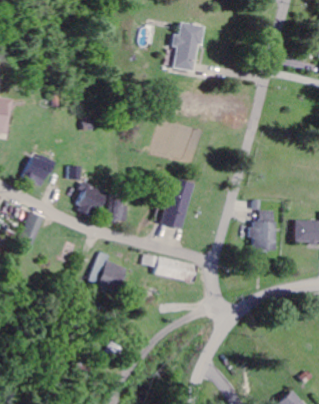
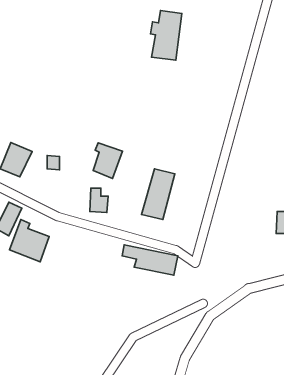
building: [77,182,106,217] -> [93,143,123,178]
building: [250,210,276,250] -> none
building: [90,251,129,293] -> [10,219,49,262]

